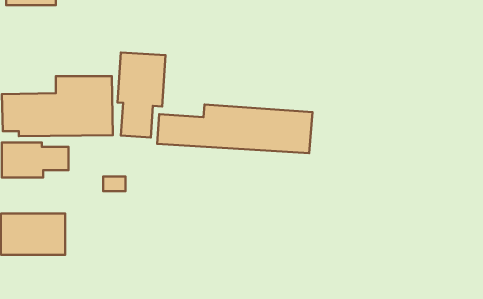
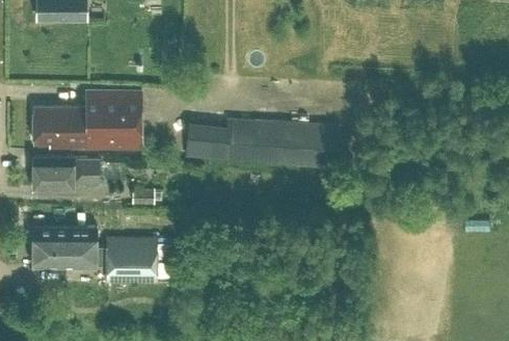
building: [118,52,166,137] -> none
building: none -> [106,238,176,283]

